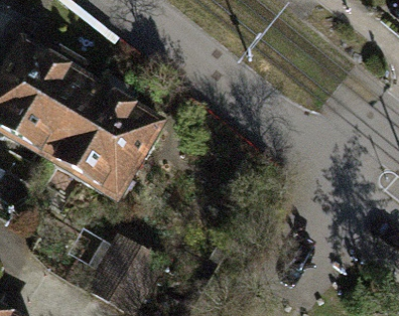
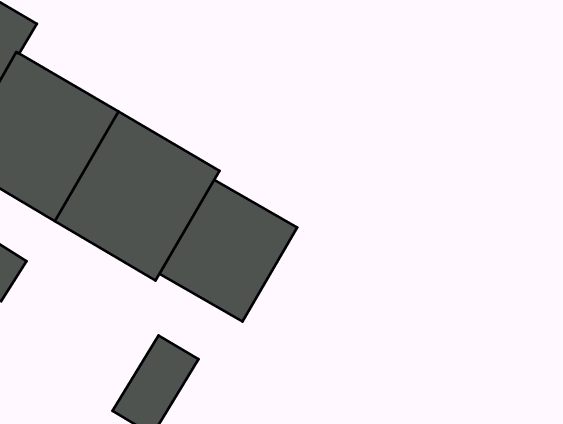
building: none -> [159,180,297,322]

